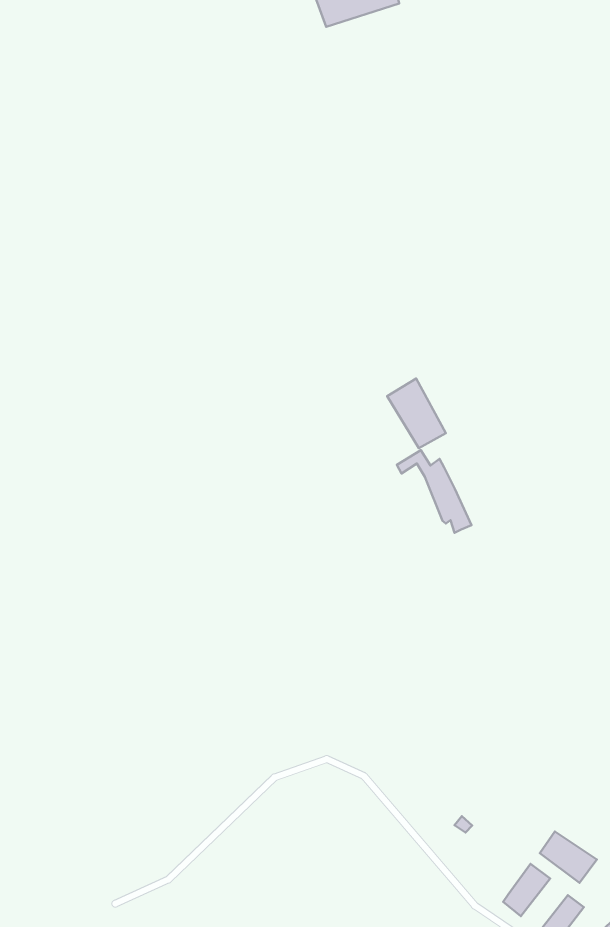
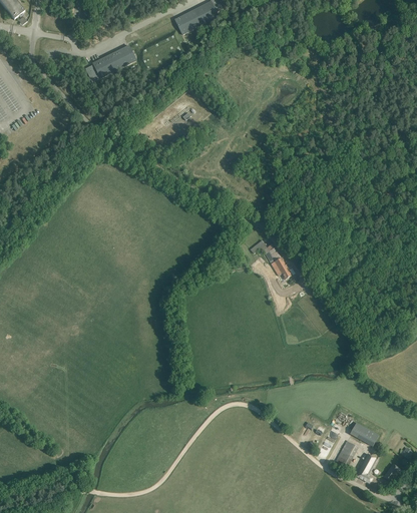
building: none -> [85,45,137,82]
building: [387,379,446,448] -> none

